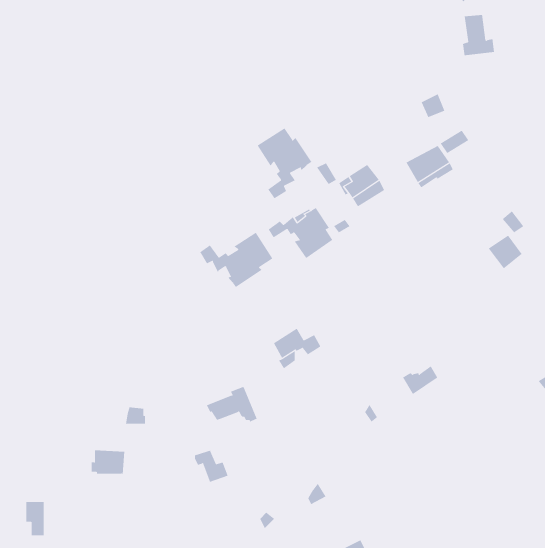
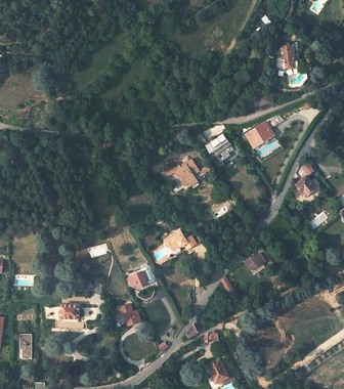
building: [257,127,312,199] -> none
building: [199,232,273,288] -> none

